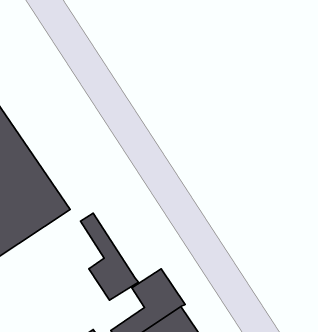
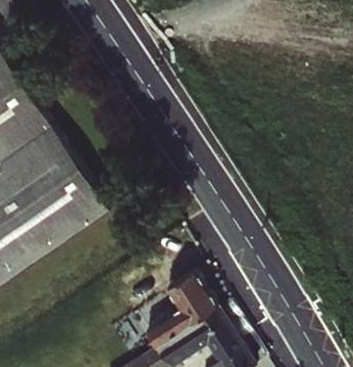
building: [81,213,138,300] -> none

